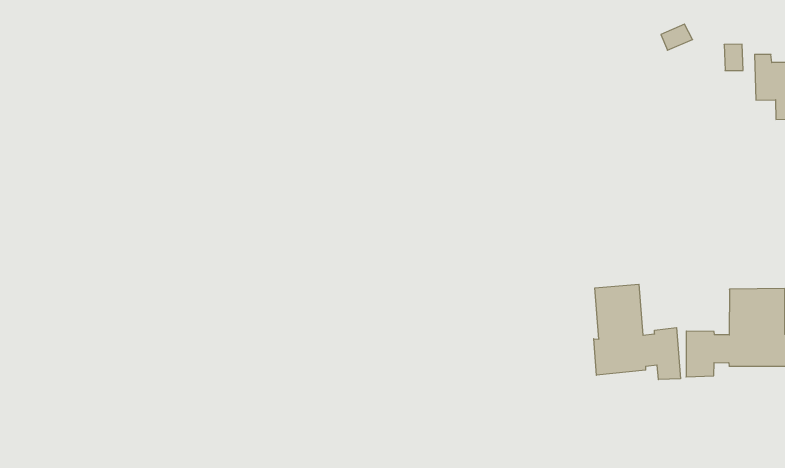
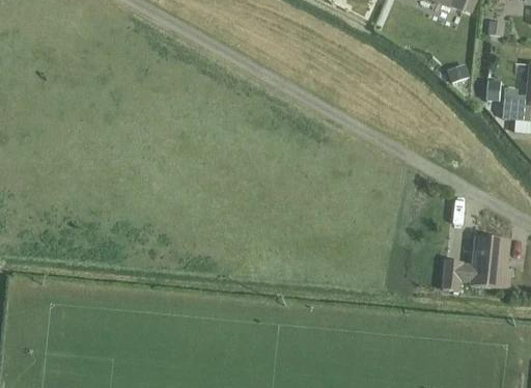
building: [594,284,680,380] -> none

